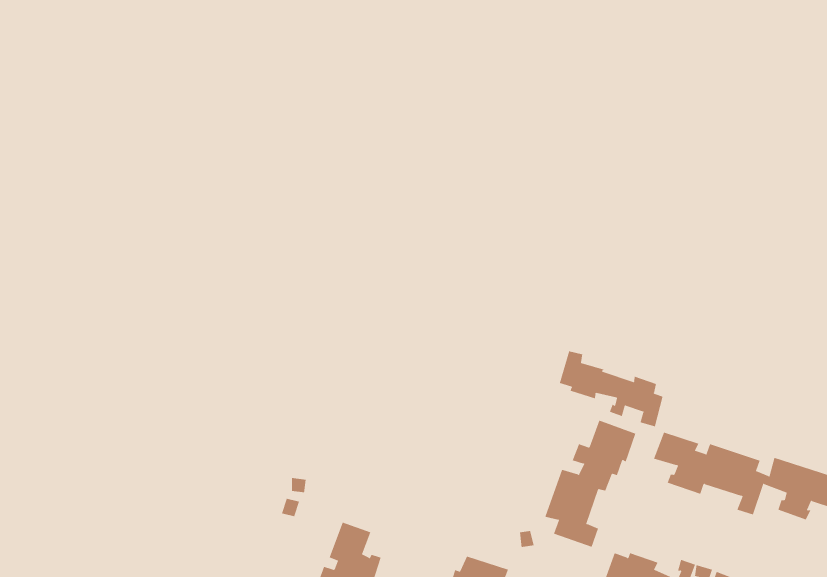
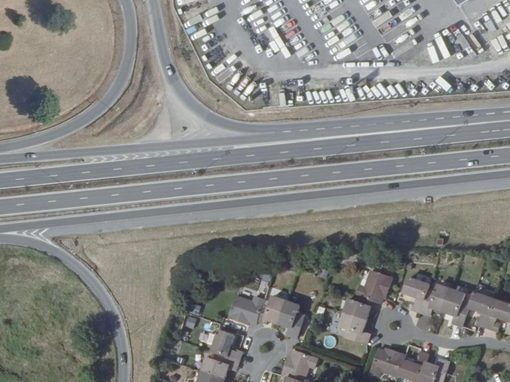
building: [559,350,663,427] -> none
building: none -> [228,294,305,337]

